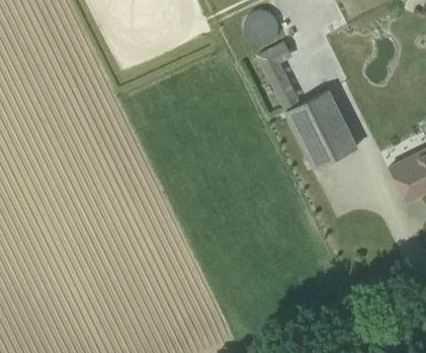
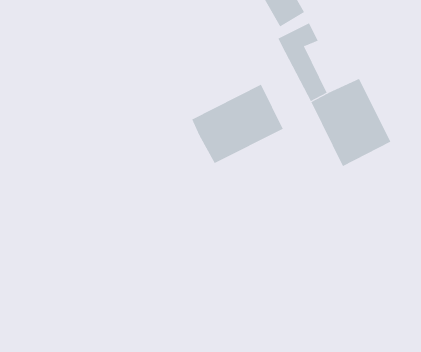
building: none -> [191,84,283,164]

